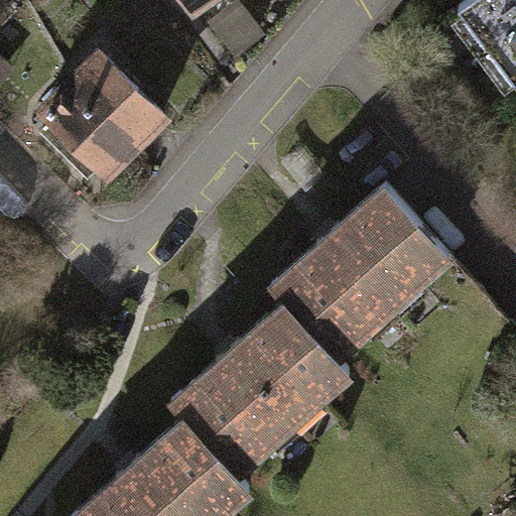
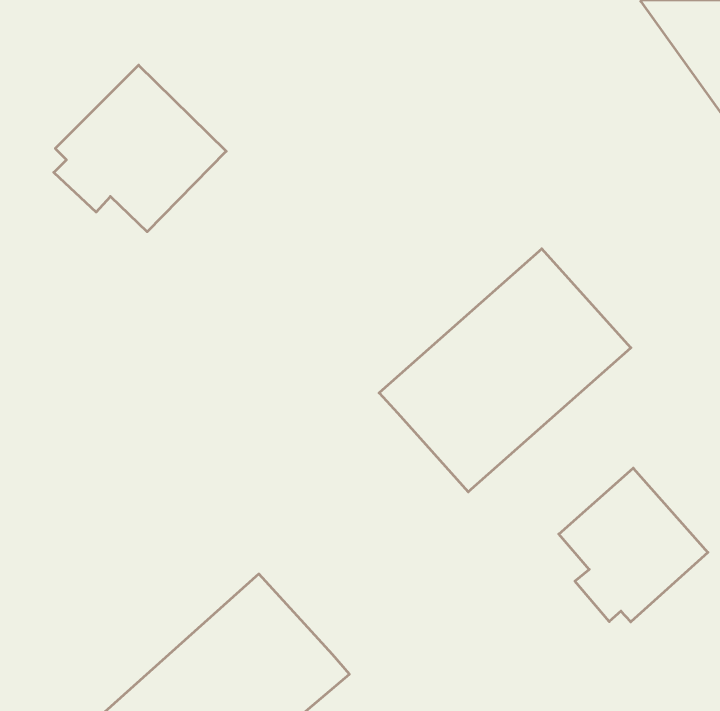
building: [173,302,351,475] -> none
building: none -> [559,468,708,622]

